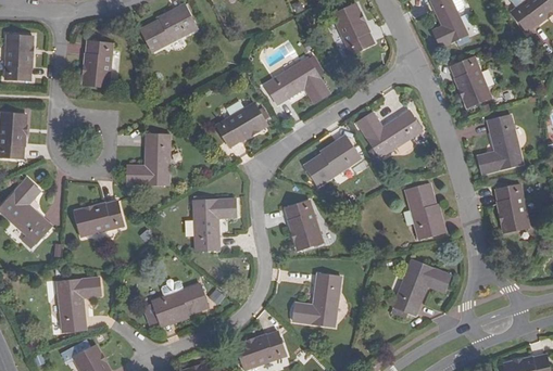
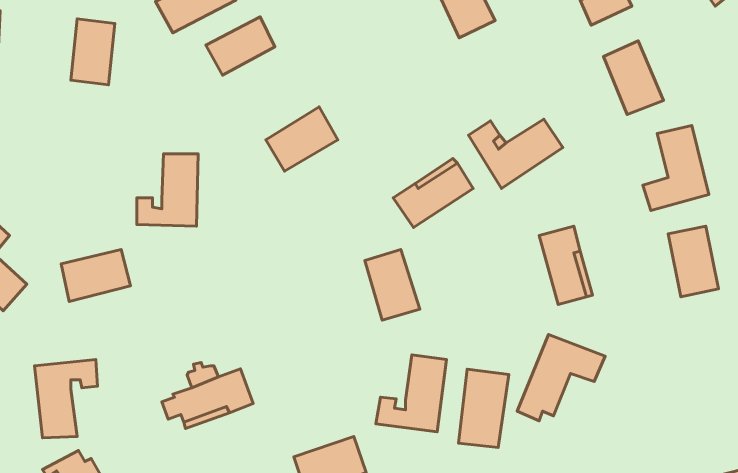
building: none -> [206,17,275,75]
building: [265,57,329,104] -> none
building: [192,199,236,251] -> none
building: none -> [458,369,509,447]

